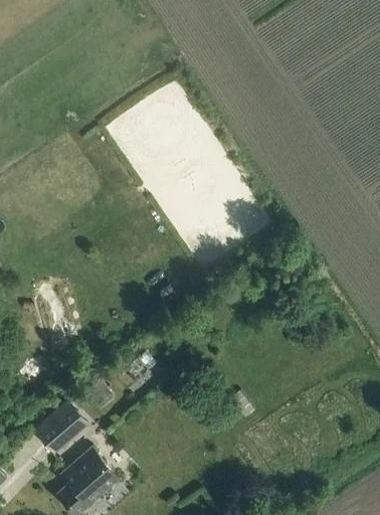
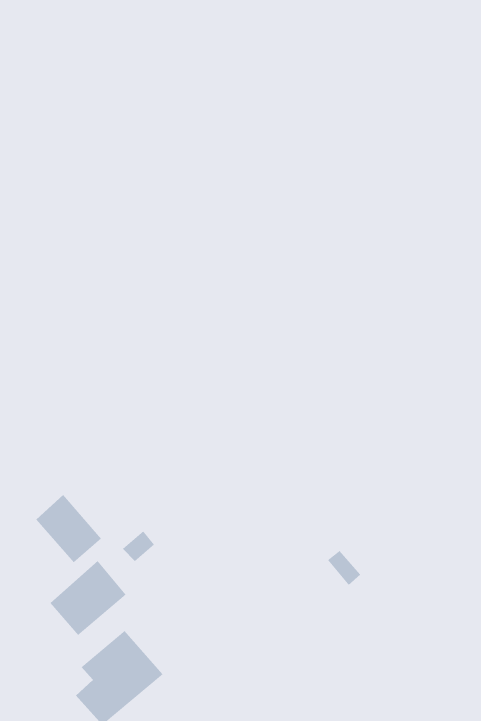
building: none -> [35,494,102,563]

